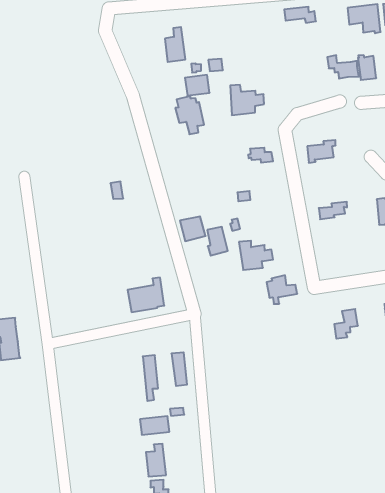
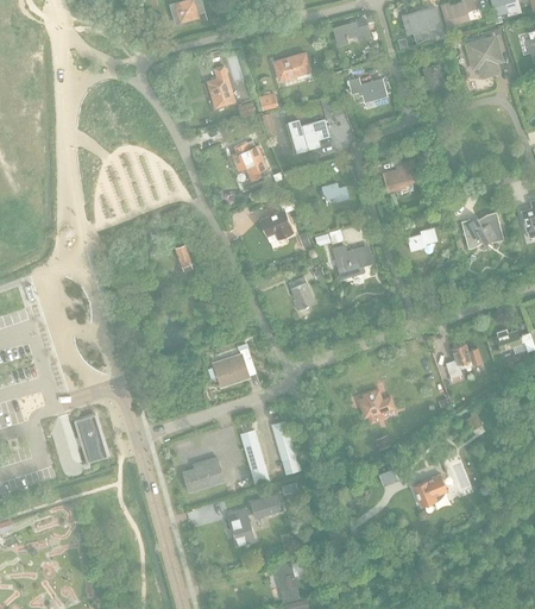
building: [327,55,359,79] -> [348,77,386,102]
building: [185,75,210,96] -> [273,55,303,81]
building: [180,216,206,241] -> [259,212,290,241]
building: [239,241,273,270] -> [332,245,372,278]
building: [267,275,297,304] -> [358,389,394,422]
building: none -> [183,457,224,491]
building: none -> [413,473,446,506]
building: [146,444,166,476] -> [229,507,256,545]

